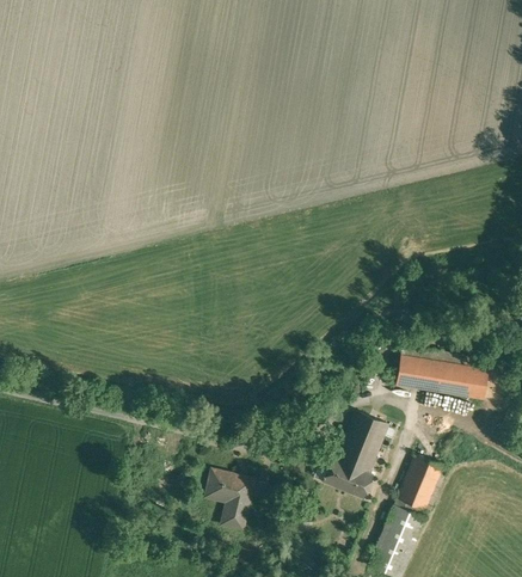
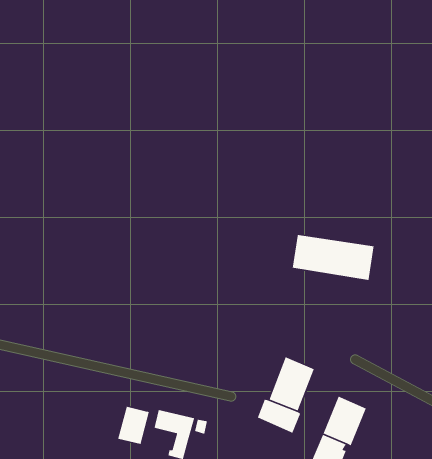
building: [395,348,489,400] -> [292,234,375,281]
building: none -> [117,406,150,445]

